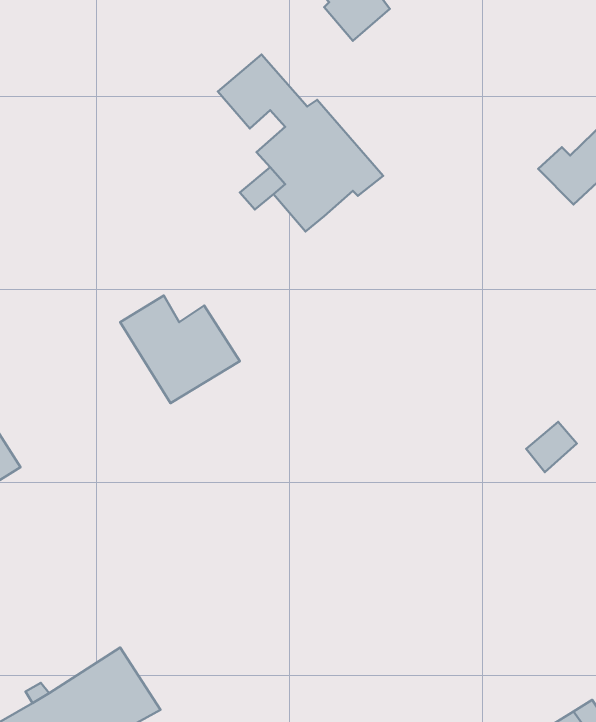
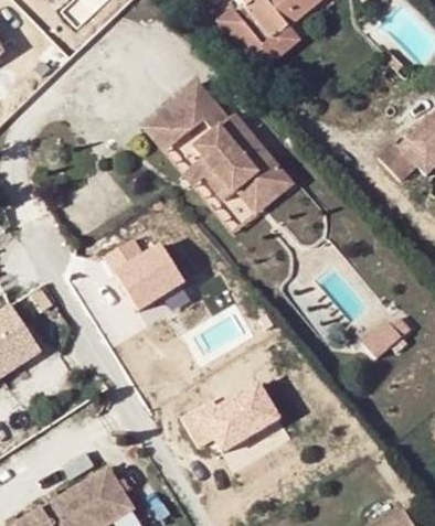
building: none -> [145,104,190,149]
building: none -> [238,159,293,208]
building: none -> [181,382,280,452]

